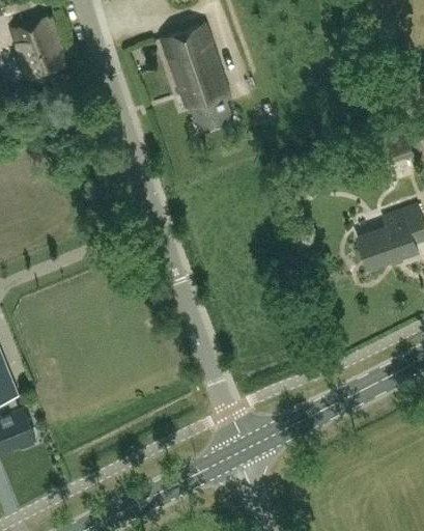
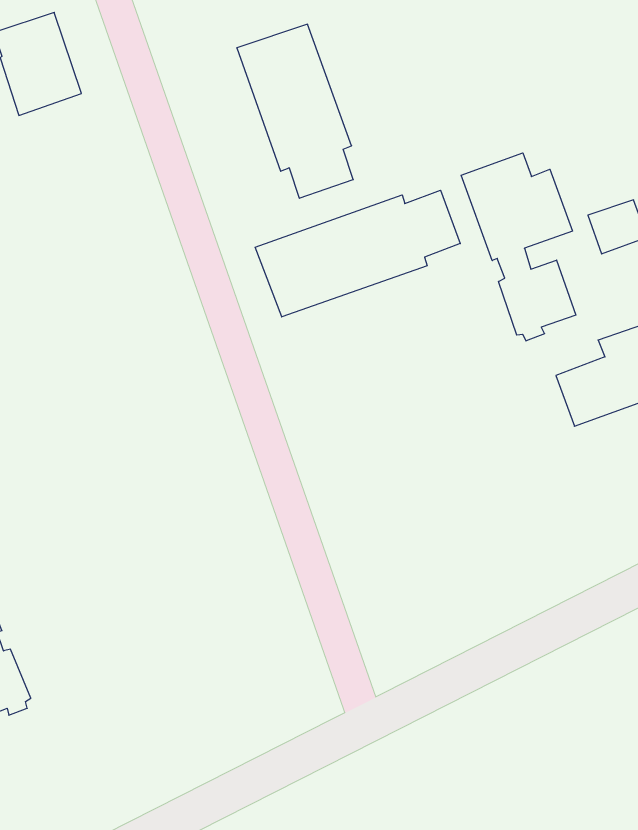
building: none -> [461,153,576,341]
building: none -> [255,190,460,317]

